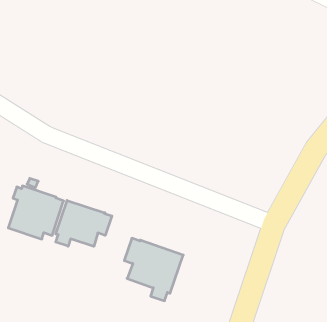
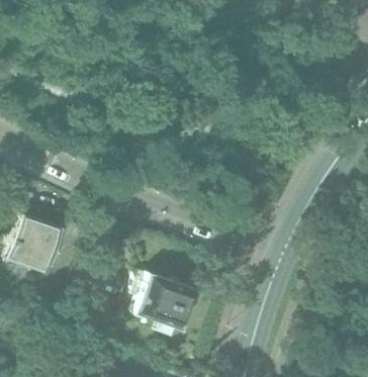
building: [56,200,112,246] -> none

